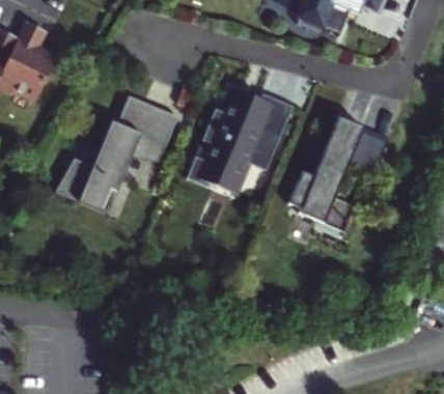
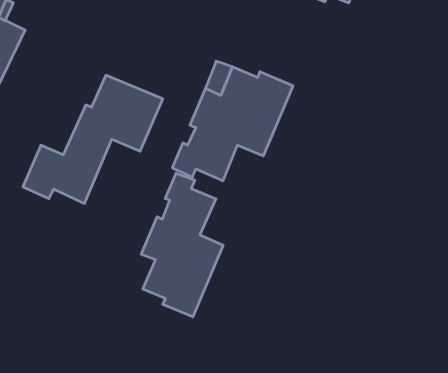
building: [287,120,366,236] -> none
building: none -> [141,173,223,317]

